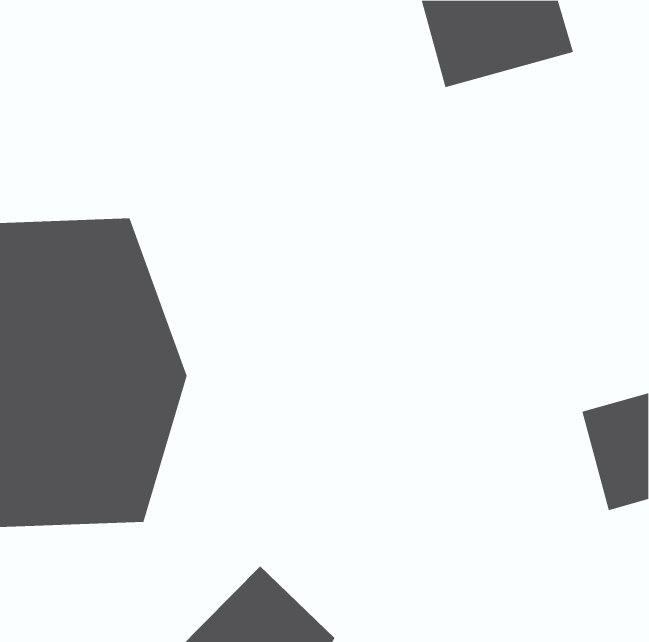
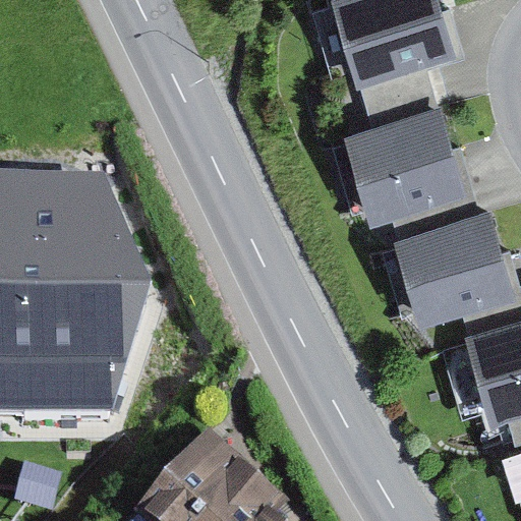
building: none -> [343,102,467,213]
building: none -> [391,211,513,316]

